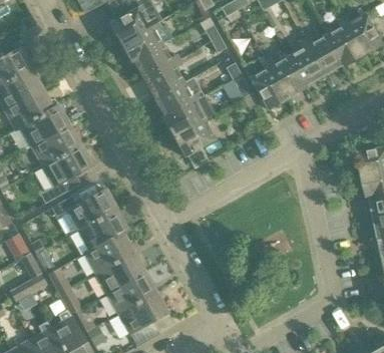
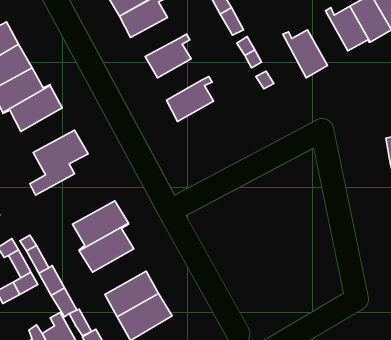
building: [289,38,325,87] -> none
building: [130,44,180,79] -> none
building: [251,59,288,109] -> none
building: [154,76,202,118] -> none
building: [172,119,216,157] -> none
building: [32,125,80,165] -> none
building: [51,189,116,230] -> none
building: [96,252,144,293] -> none

